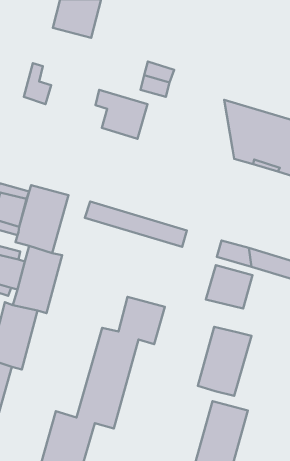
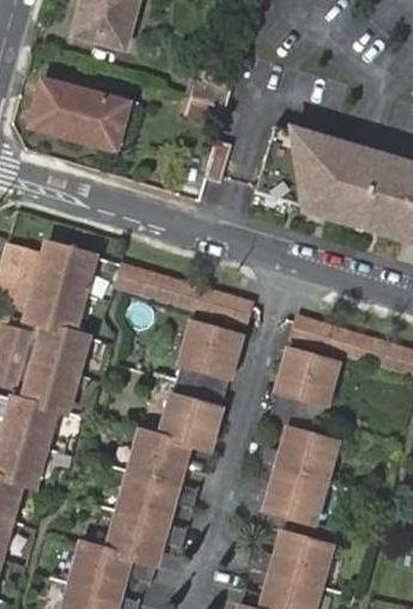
building: [95,90,147,139] -> [56,87,124,152]
building: none -> [180,323,241,379]

